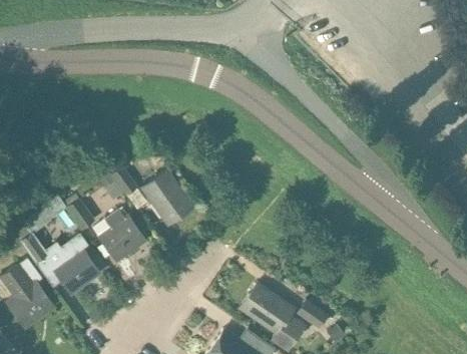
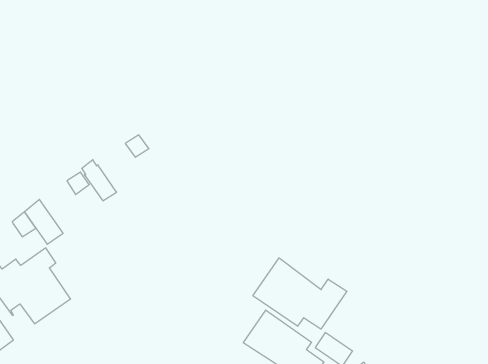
building: [141,169,193,225] -> none
building: [93,208,146,262] -> none
building: none -> [253,258,347,329]

